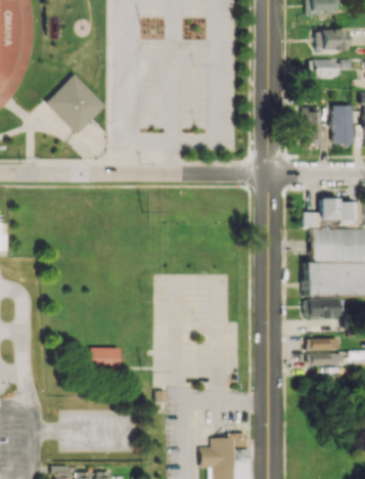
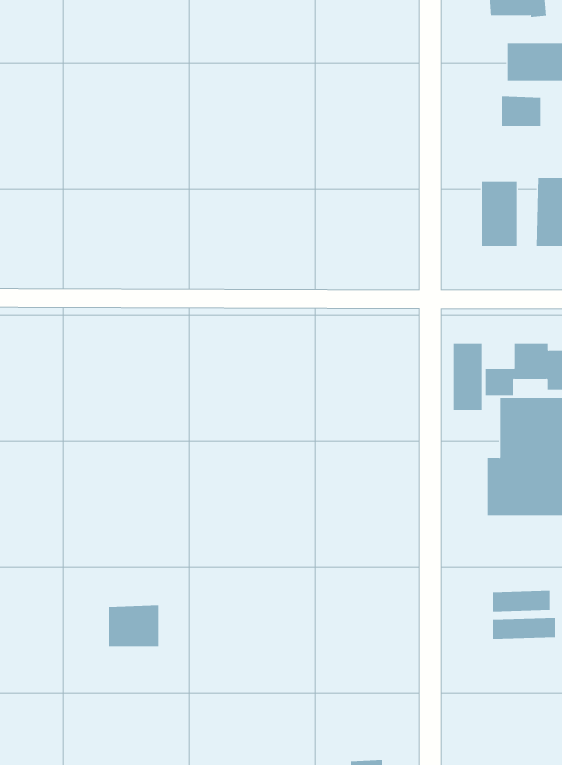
building: [46,76,104,134] -> none
building: none -> [453,343,482,411]
building: [306,299,338,318] -> none

